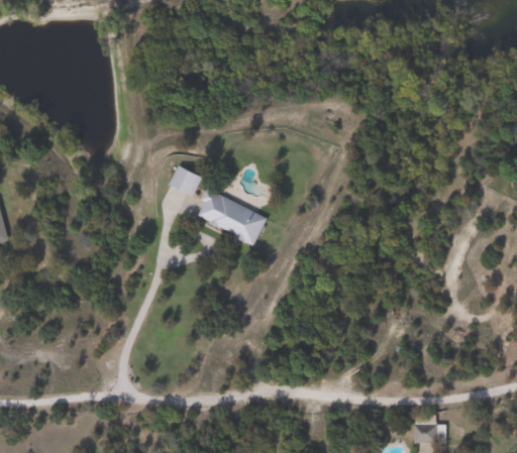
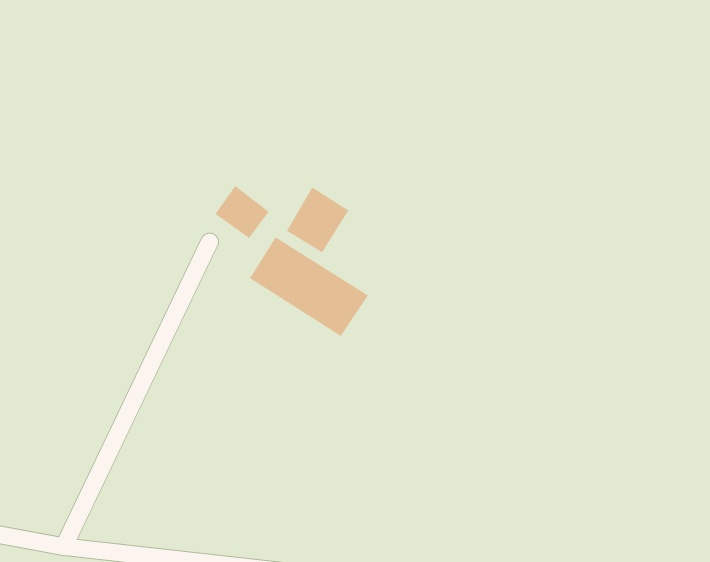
building: none -> [286,186,349,253]

